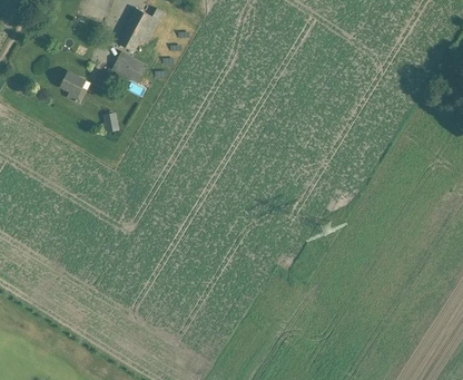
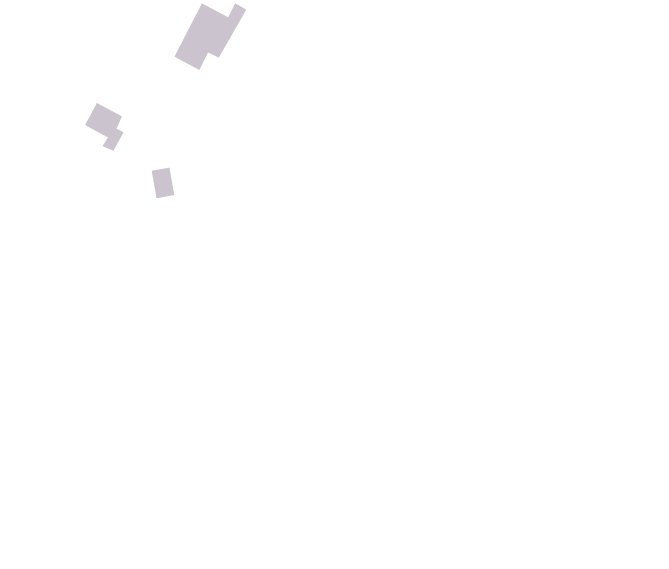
building: [112,51,148,82] -> none

